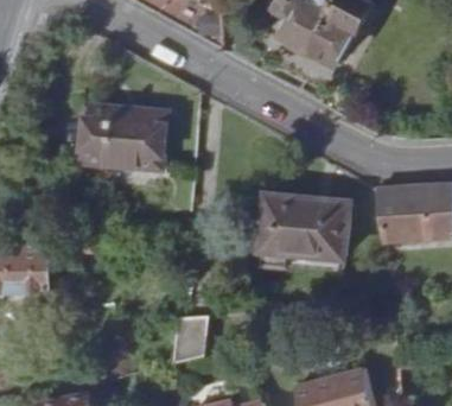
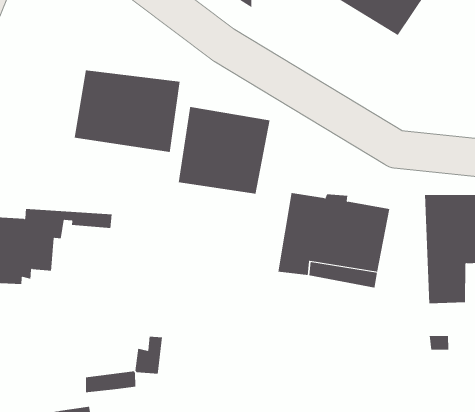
building: none -> [178,106,270,195]
building: [178,315,212,361] -> none

